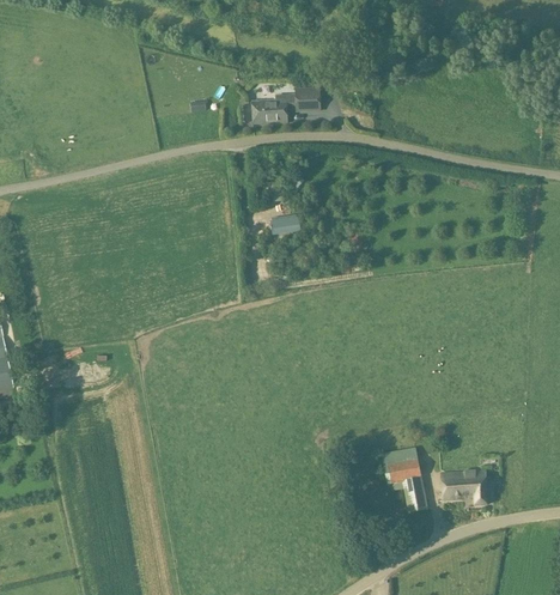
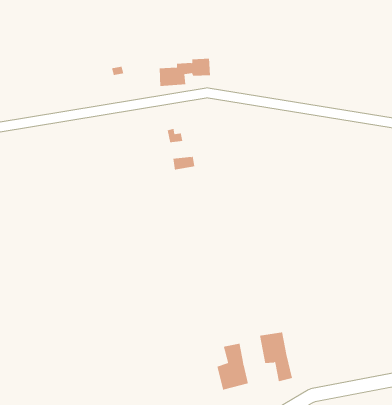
building: none -> [217,343,249,391]
building: [440,469,487,504] -> none

